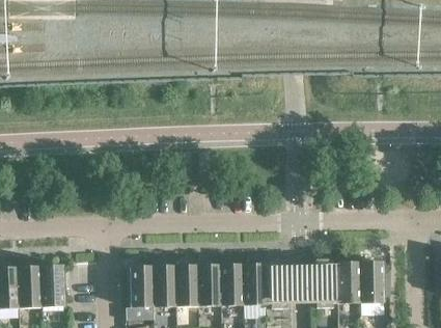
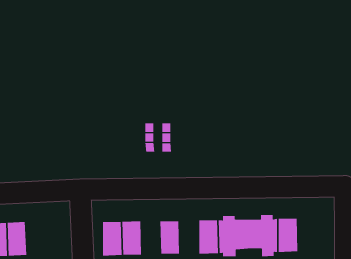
building: [359,264,384,303] -> none
building: [220,266,243,306] -> none
building: [39,267,65,307] -> none
building: [175,267,198,307] -> none

